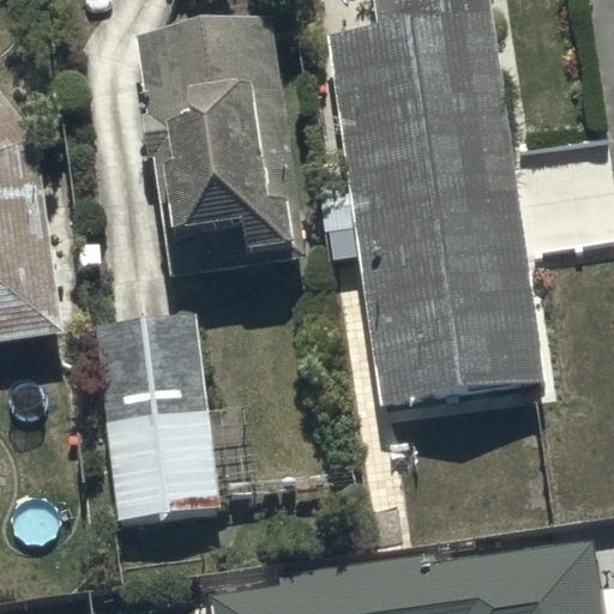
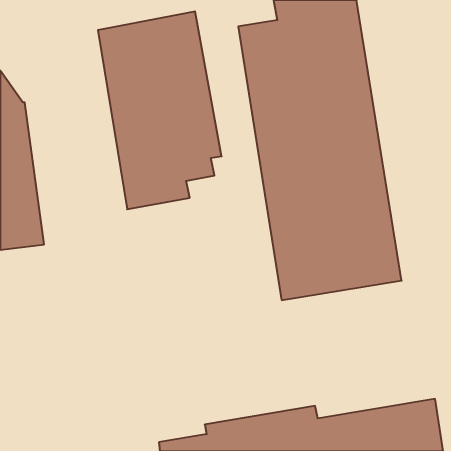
building: [91,318,266,520] -> none

